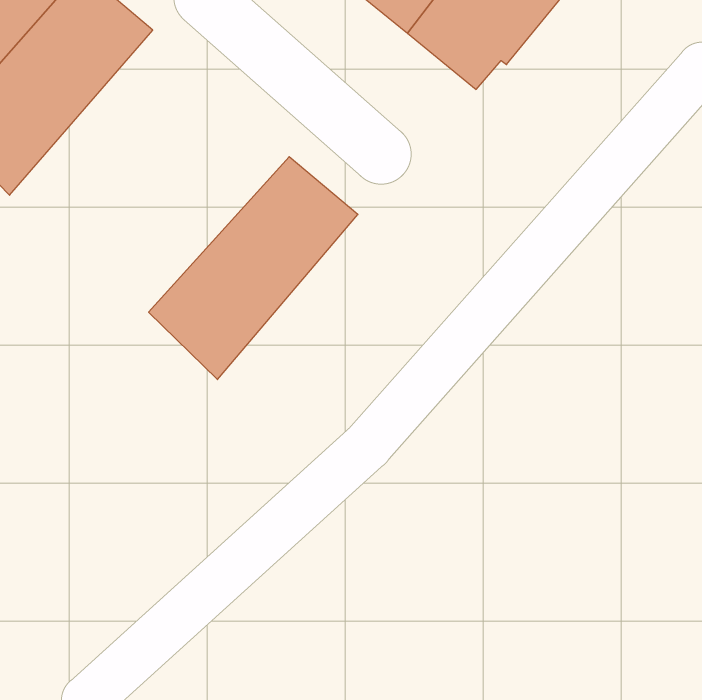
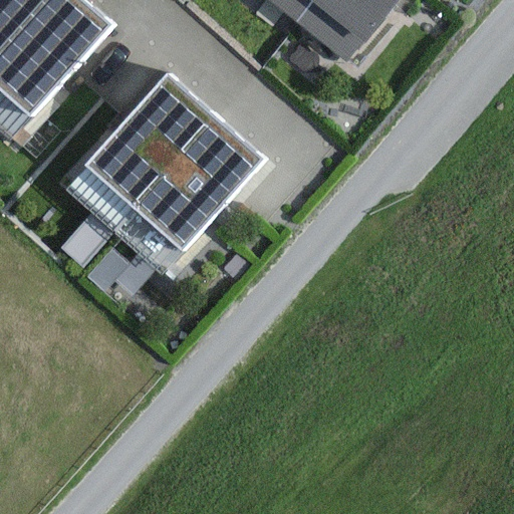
building: none -> [61,72,211,228]

